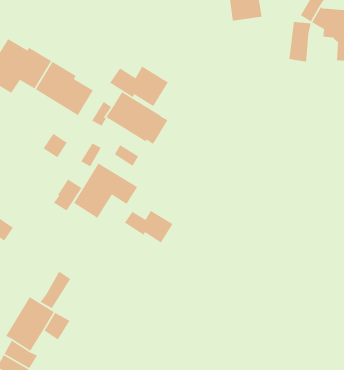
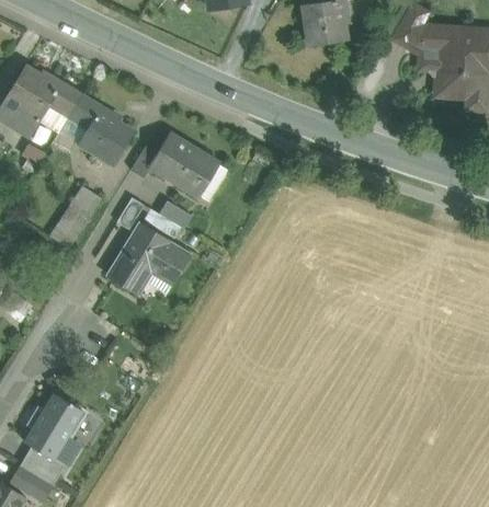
building: [288,21,312,63] -> none
building: [109,66,169,107] -> none
building: [53,178,82,211] -> [52,205,89,246]
building: [124,210,174,244] -> none
building: [40,271,71,309] -> none

